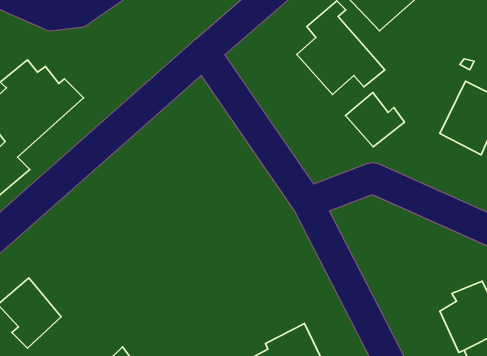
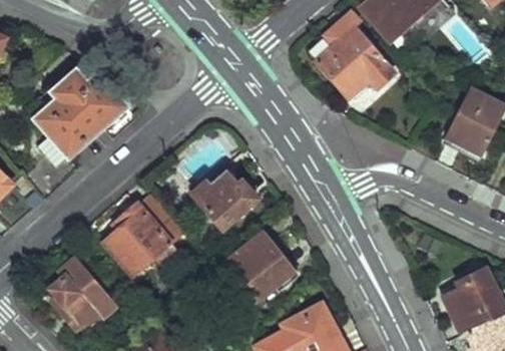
building: [346,92,404,147] -> none
building: none -> [190,166,258,228]
building: none -> [105,196,171,272]
building: none -> [231,233,305,303]

